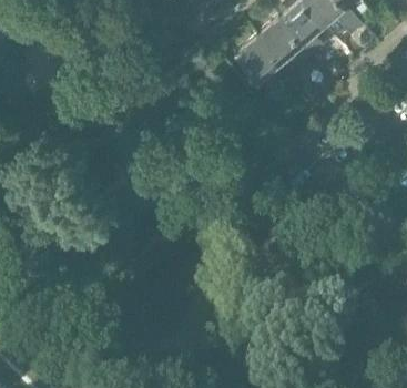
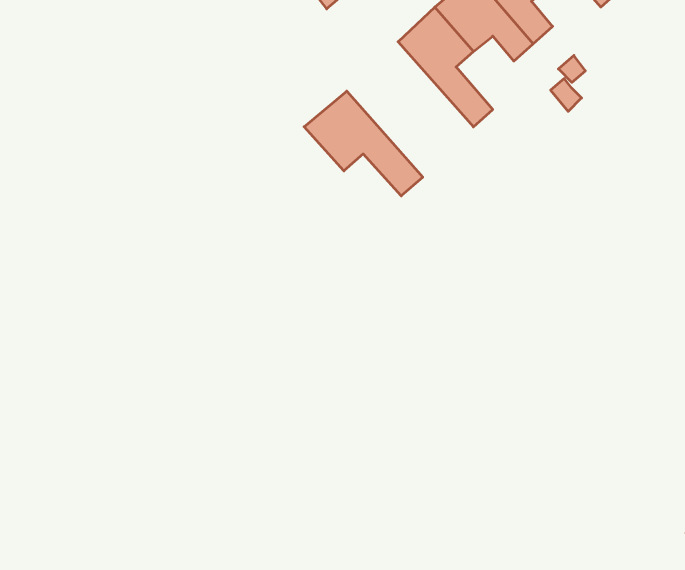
building: none -> [304,91,423,196]

